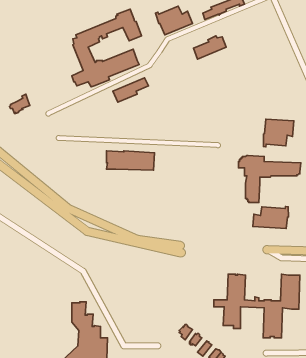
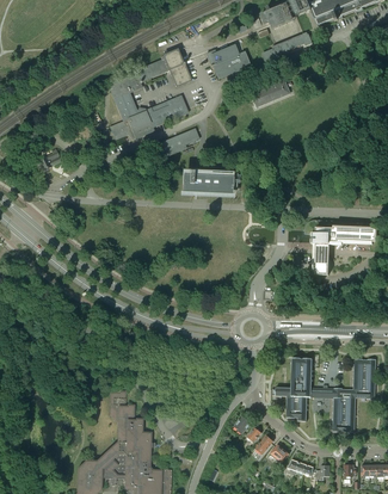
building: [263,119,294,147] -> none
building: [106,151,154,170] -> [180,171,236,193]
building: [253,206,289,229] -> none

